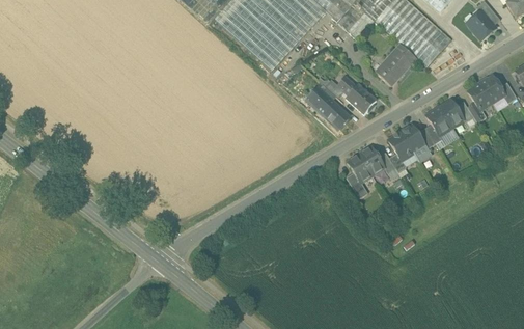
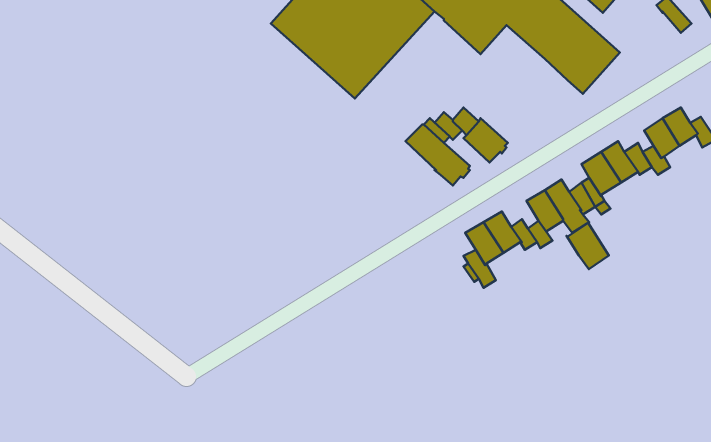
building: [467,11,495,40] -> none
building: [375,44,416,86] -> none
building: none -> [566,223,609,269]

